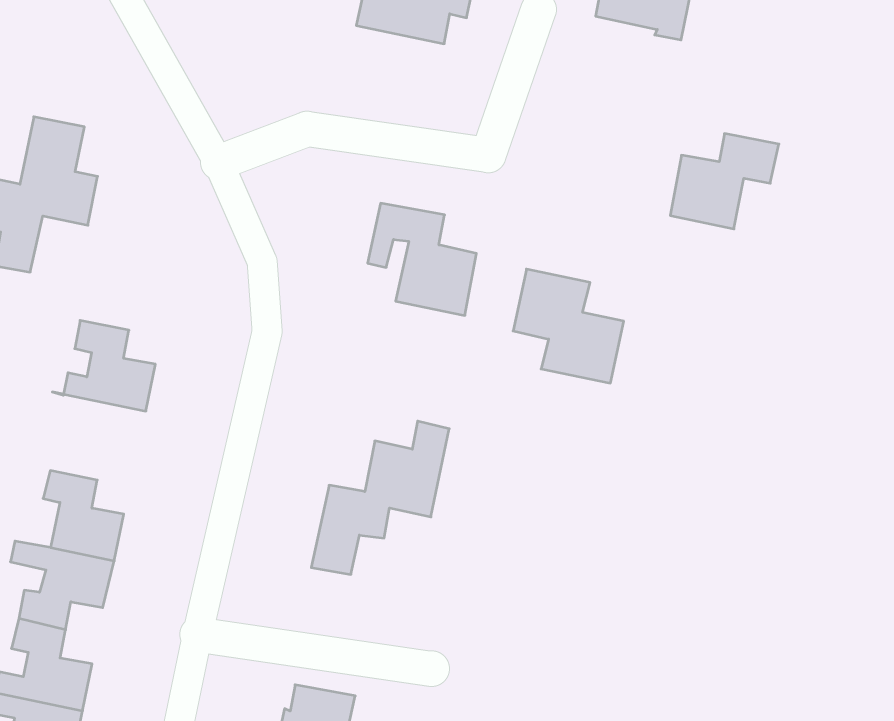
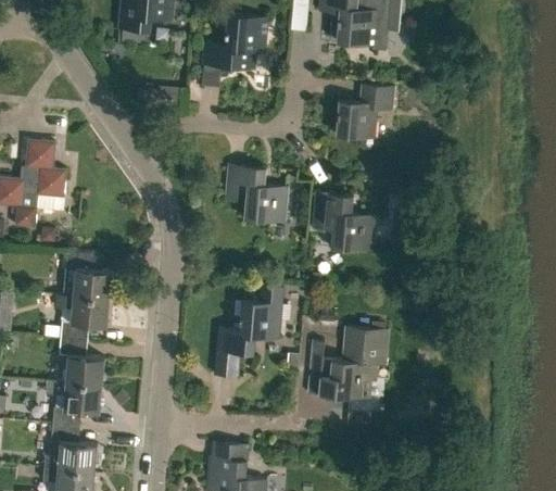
building: [670,134,779,229] -> [338,86,394,139]
building: none -> [55,294,111,341]
building: none -> [308,326,389,399]

